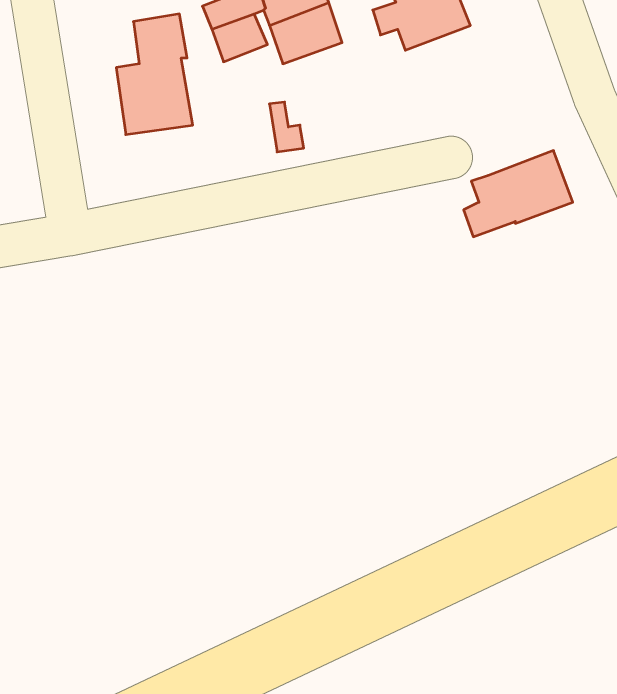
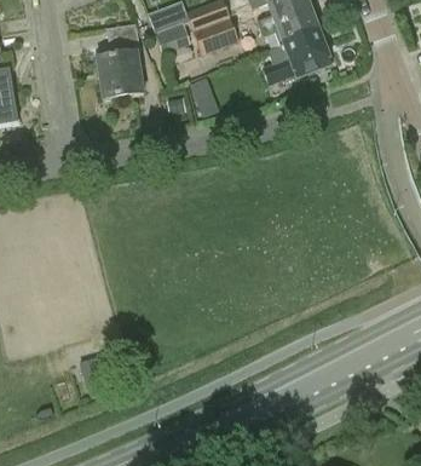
building: [464,151,573,237] -> [264,30,333,85]

